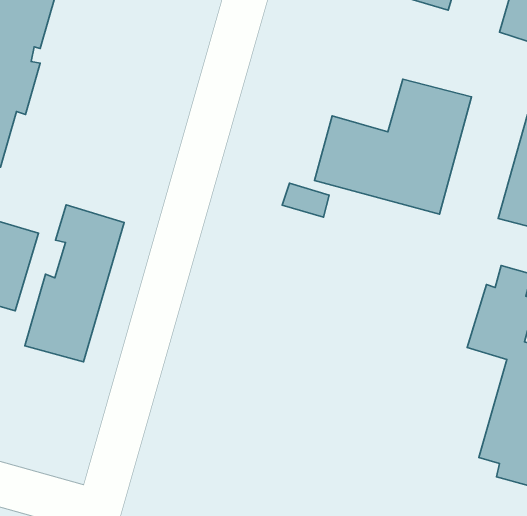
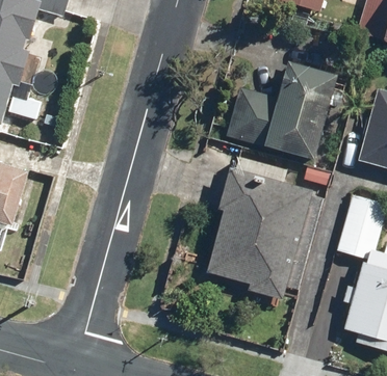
building: [25,205,124,362] -> none
building: none -> [208,167,313,300]

